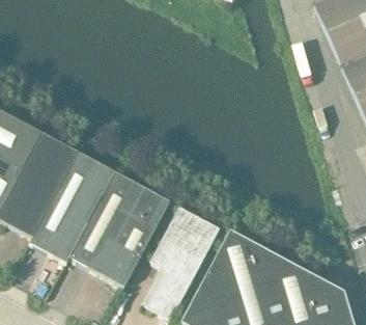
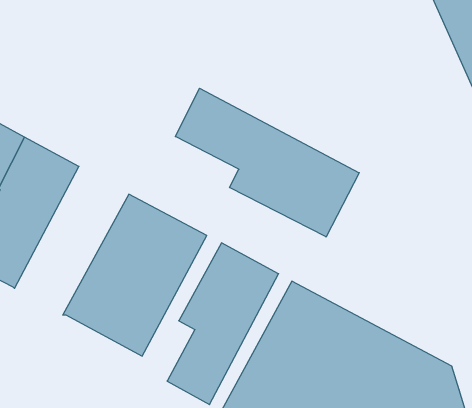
building: none -> [175,88,359,237]
building: [29,151,114,261] -> none

